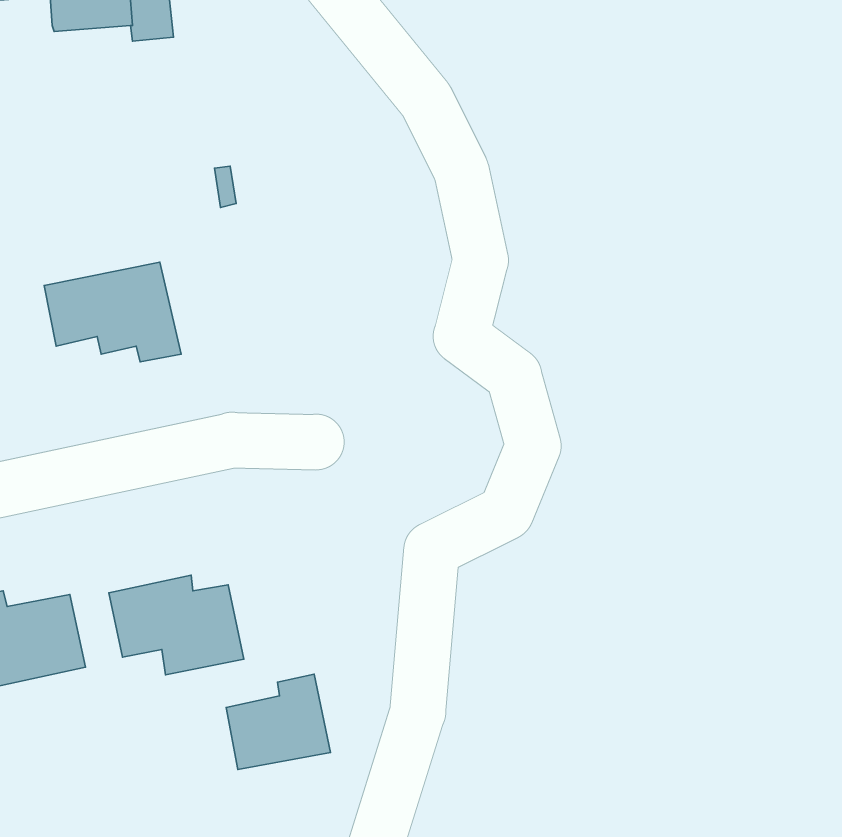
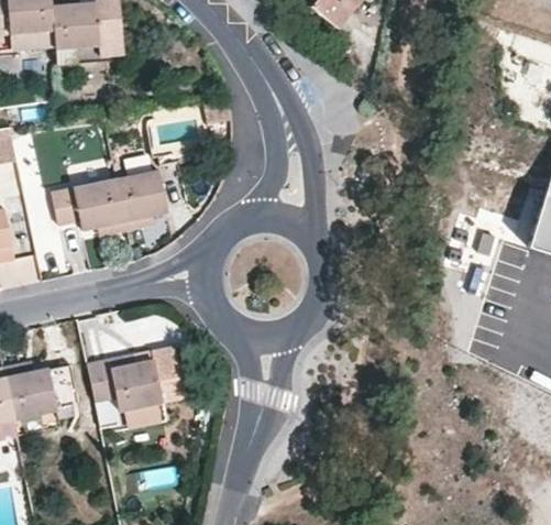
building: none -> [114,169,167,230]
building: [226,674,331,770] -> none

